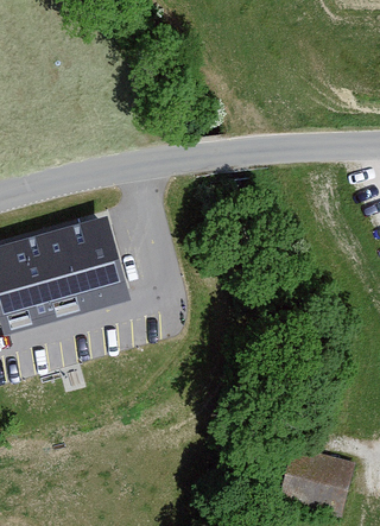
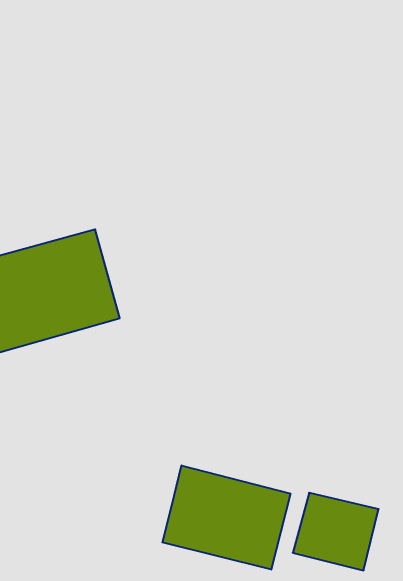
building: none -> [162,465,290,570]

